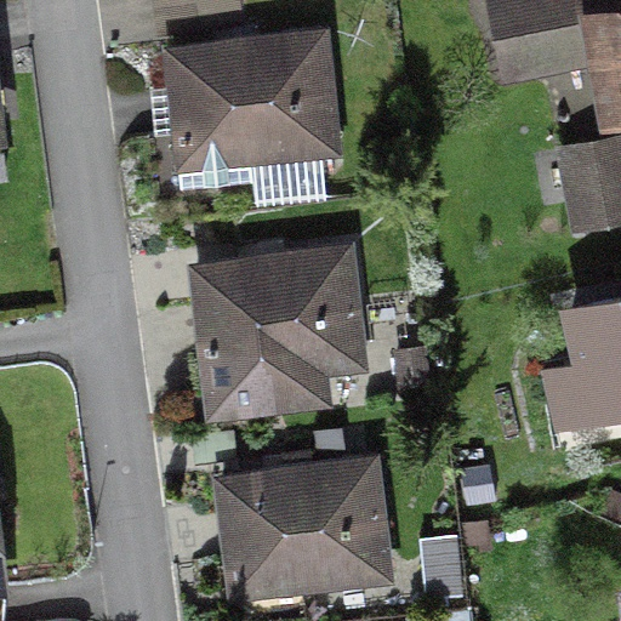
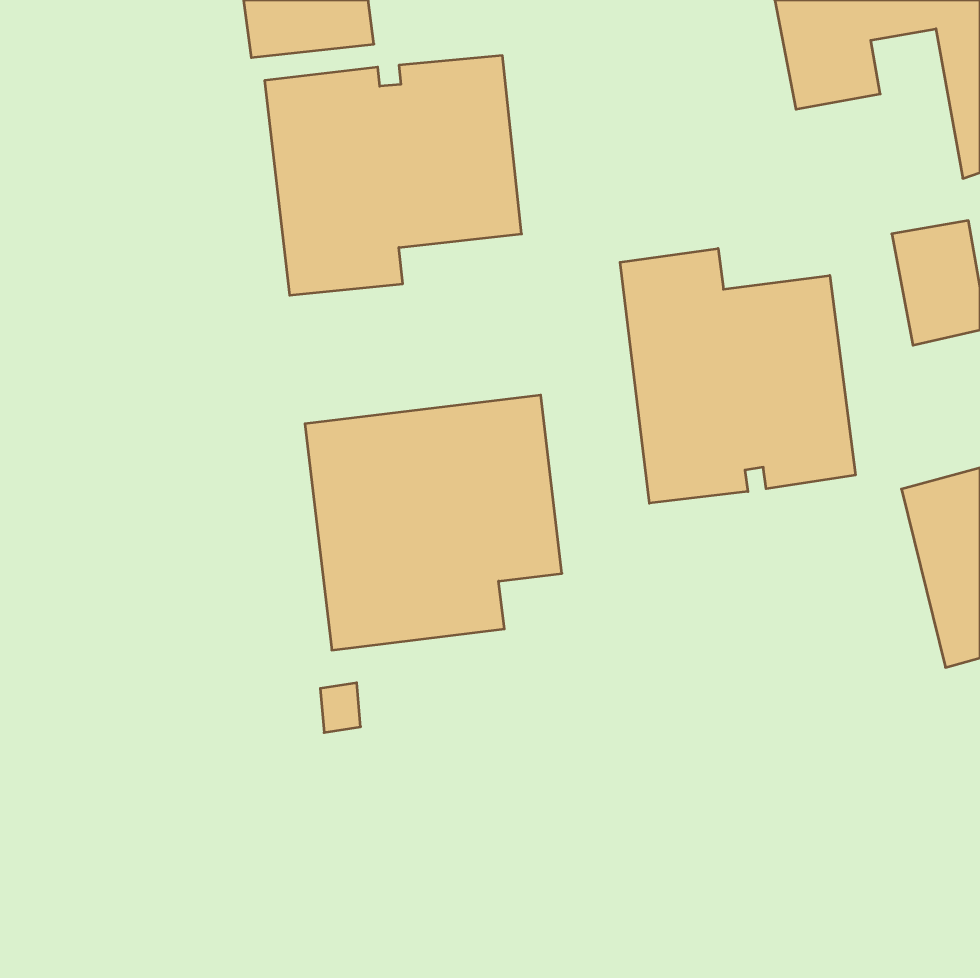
building: none -> [620,248,855,503]
building: [218,463,381,600] -> none

